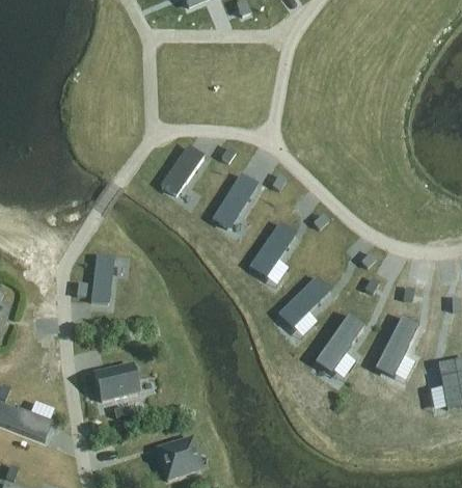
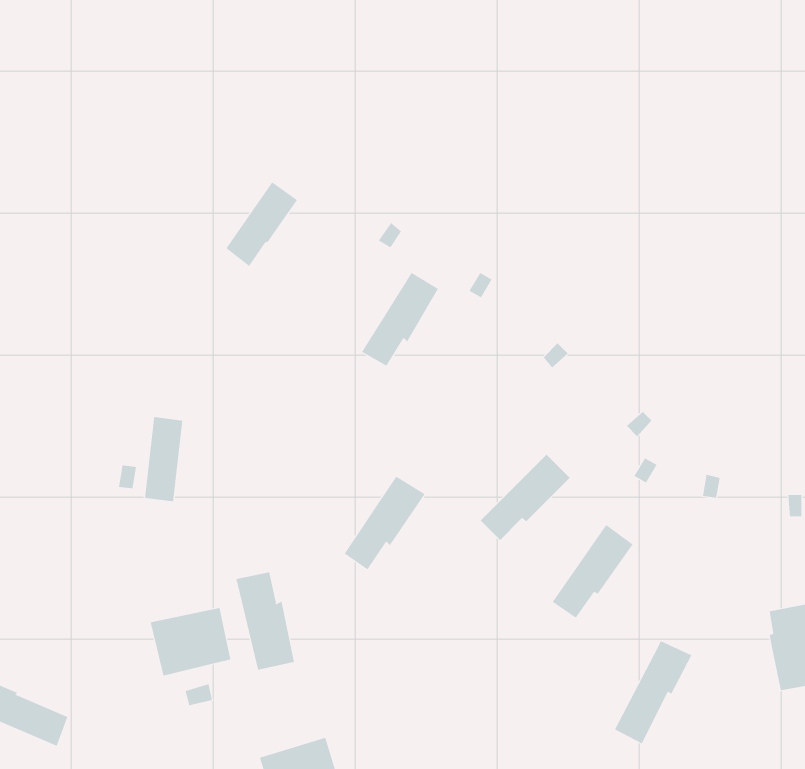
building: [163,145,203,193] -> [225,182,298,267]
building: [250,221,296,274] -> [344,476,425,570]
building: [376,316,419,374] -> [614,640,692,744]
building: none -> [236,572,294,671]

